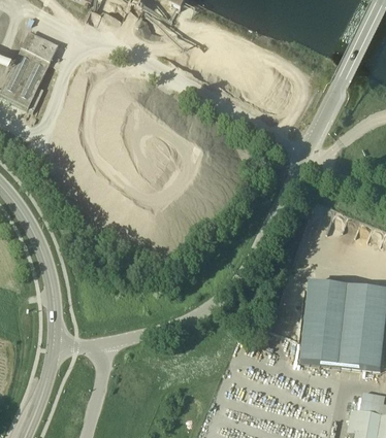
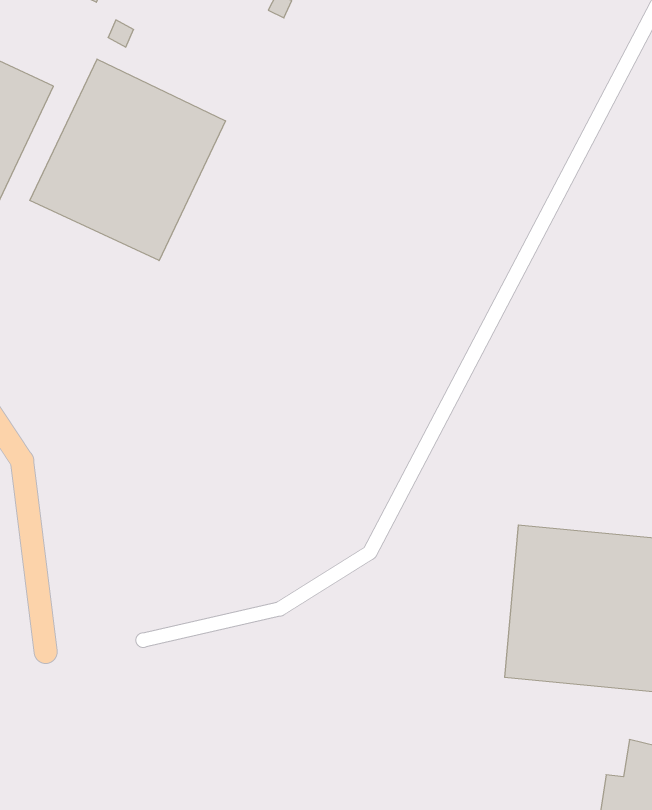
building: none -> [30,59,225,261]

